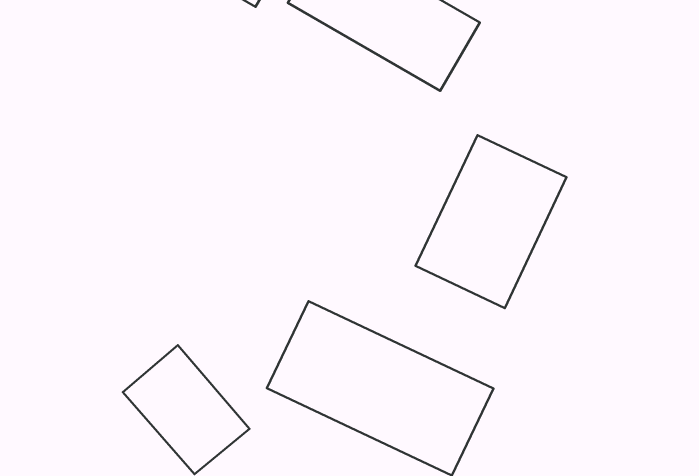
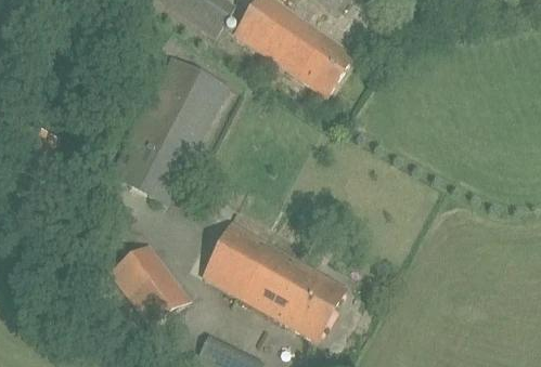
building: none -> [106,53,229,205]
building: [415,135,567,308] -> none

